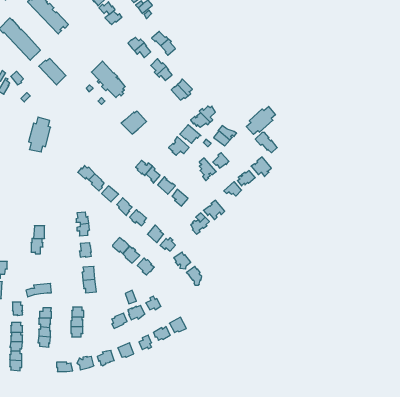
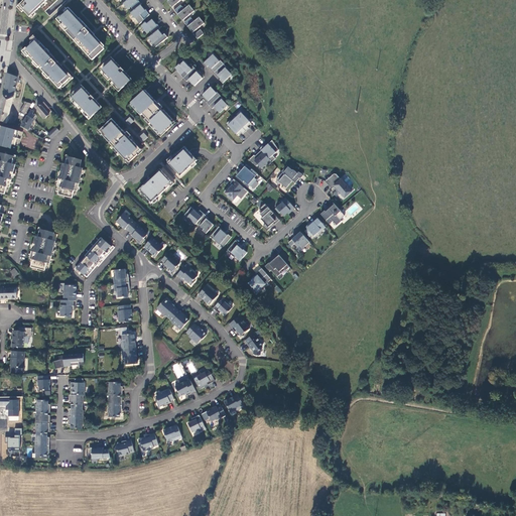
building: none -> [99,57,131,90]
building: none -> [99,118,140,161]
building: [246,106,275,134] -> none
building: none -> [139,170,171,203]
building: none -> [28,228,54,269]
building: none -> [76,237,111,276]

